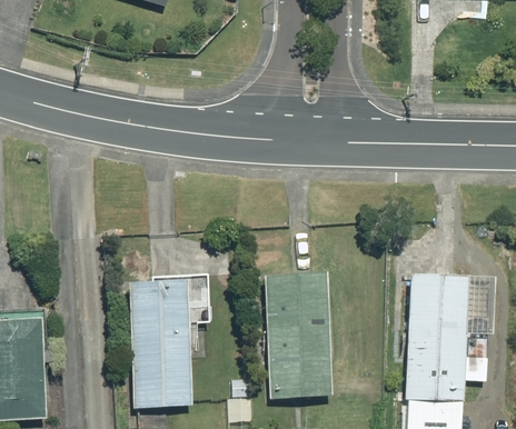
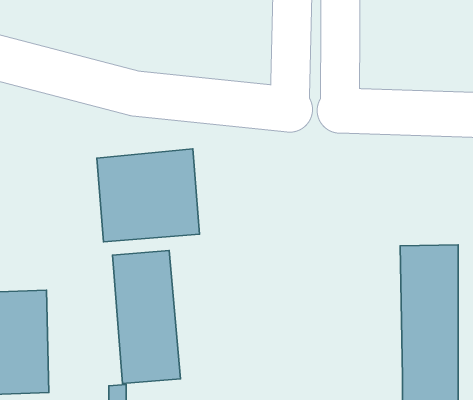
building: none -> [97,149,199,242]
building: [260,270,331,398] -> none

